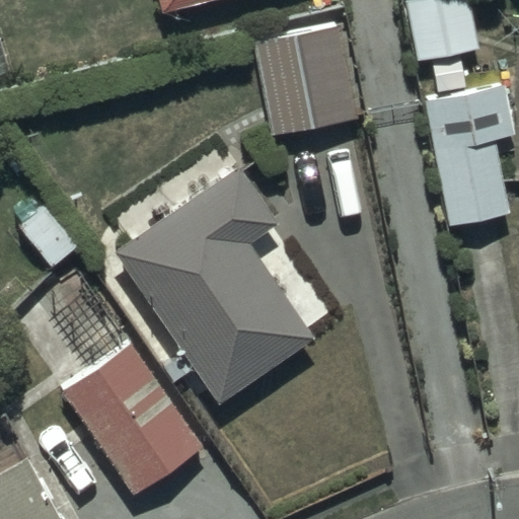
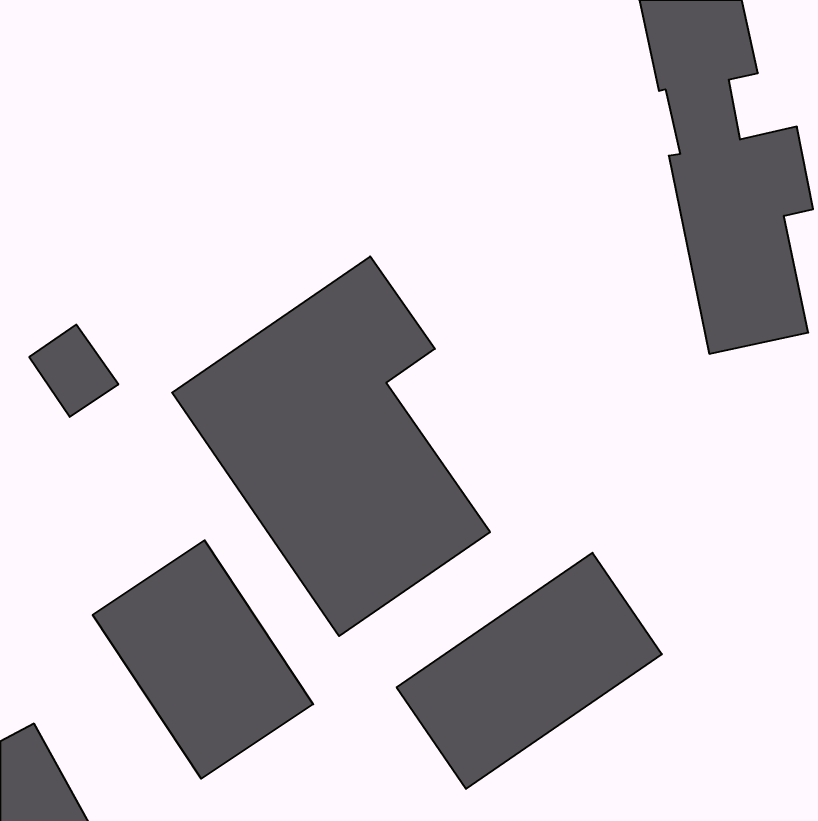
building: [253,25,360,138] -> none
building: none -> [397,553,662,789]

